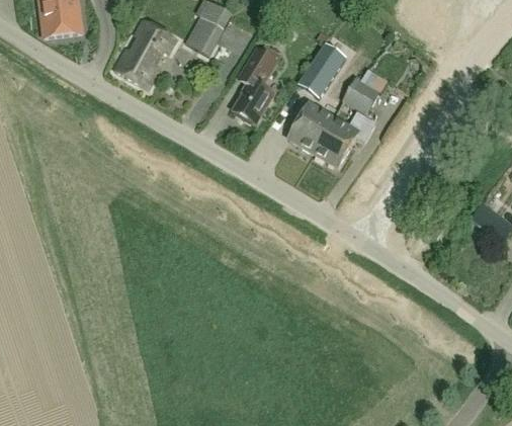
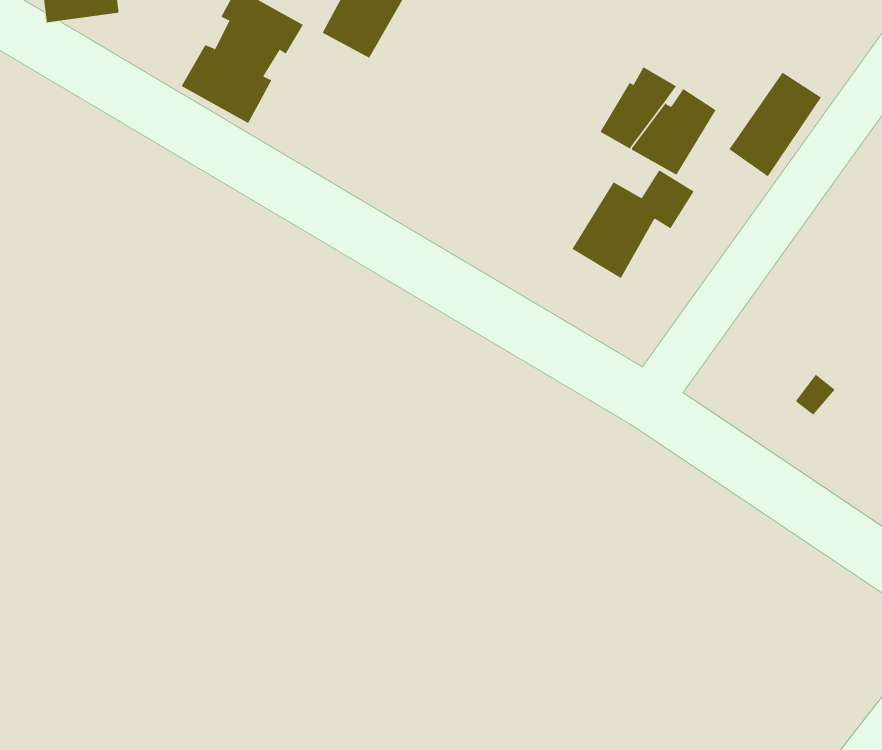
building: [298,42,346,96] -> [729,72,822,177]
building: [233,44,281,125] -> none
building: [288,102,334,152] -> none

